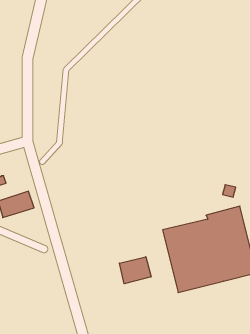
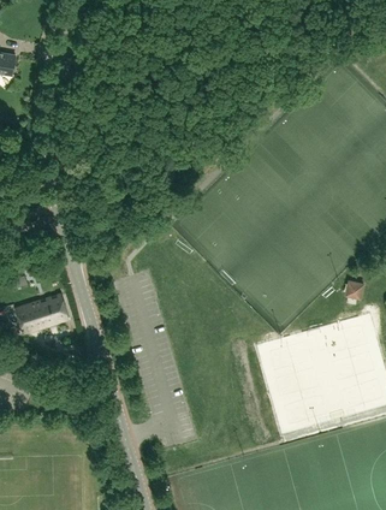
building: [119,257,151,284] -> none

